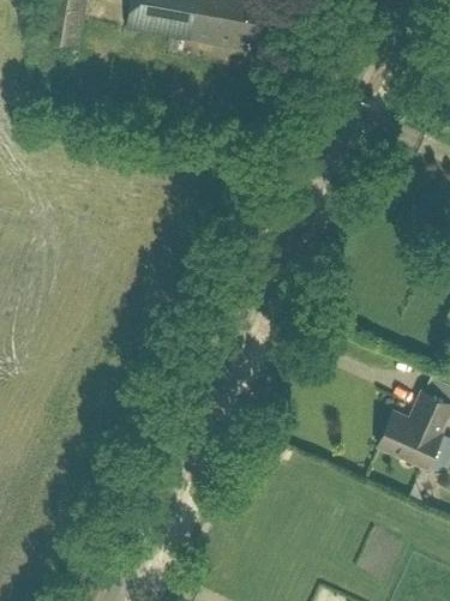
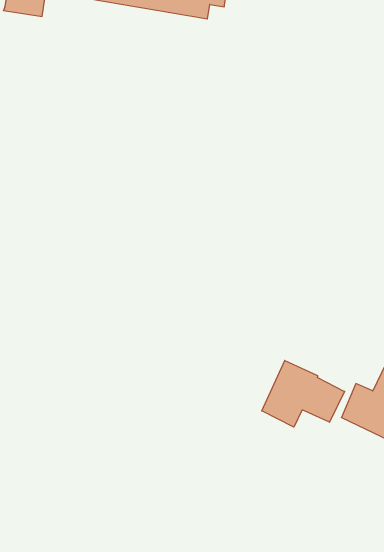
building: none -> [262,360,345,427]

